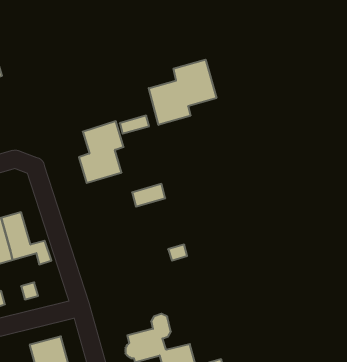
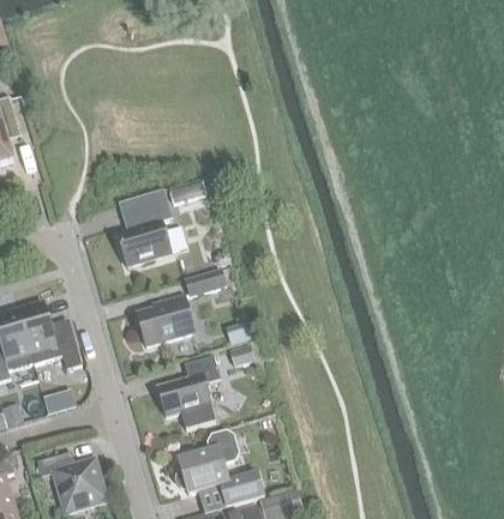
building: [149,60,216,125] -> none
building: none -> [136,294,194,344]
building: none -> [157,354,220,428]

